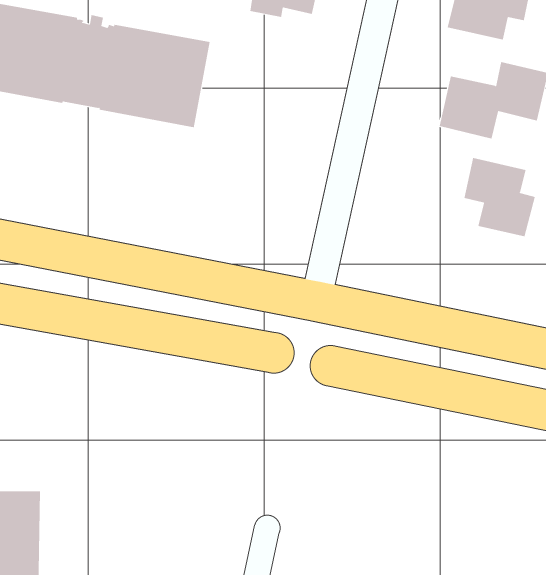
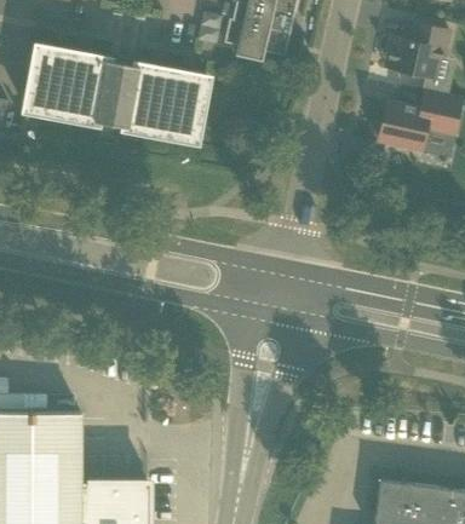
building: [464,157,535,237] -> none

